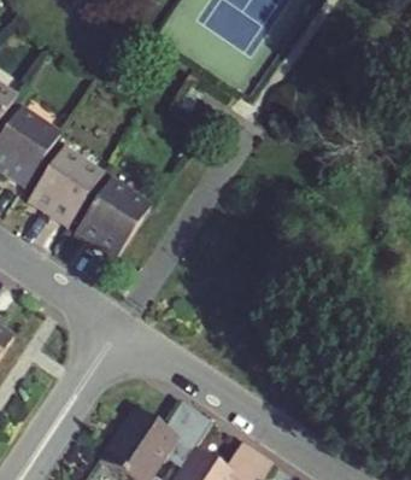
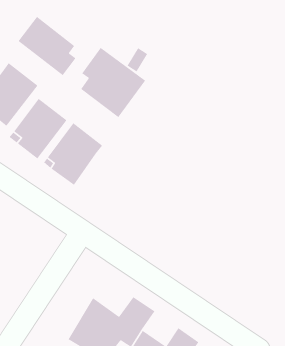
building: none -> [18,16,77,76]
building: none -> [80,47,146,118]

